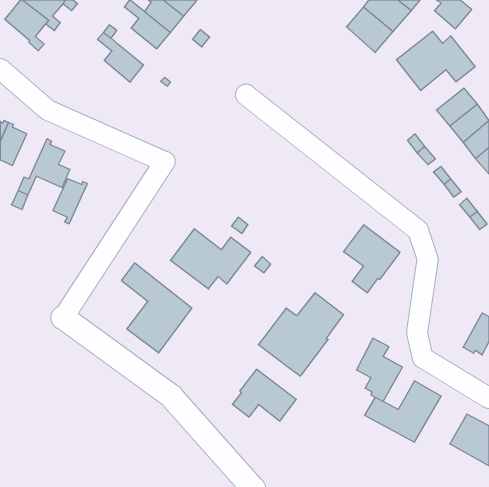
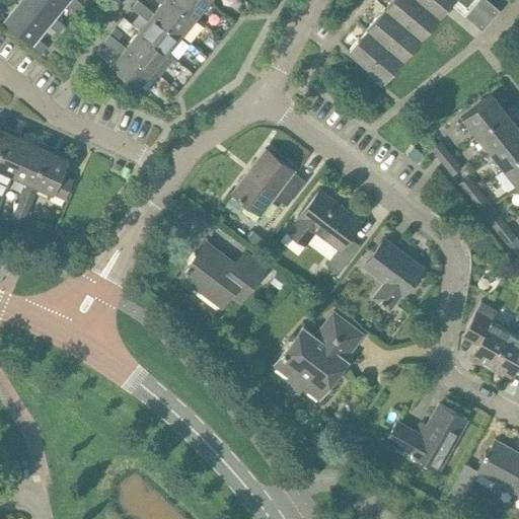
building: none -> [118,19,173,76]
building: none -> [349,30,397,79]
building: [396,31,475,91] -> none
building: none -> [227,150,306,217]
building: none -> [288,191,362,274]
building: [53,179,87,224] -> [13,144,50,192]
building: [122,263,192,353] -> none
building: [357,338,402,401] -> [462,303,511,370]
building: [232,369,296,421] -> none

